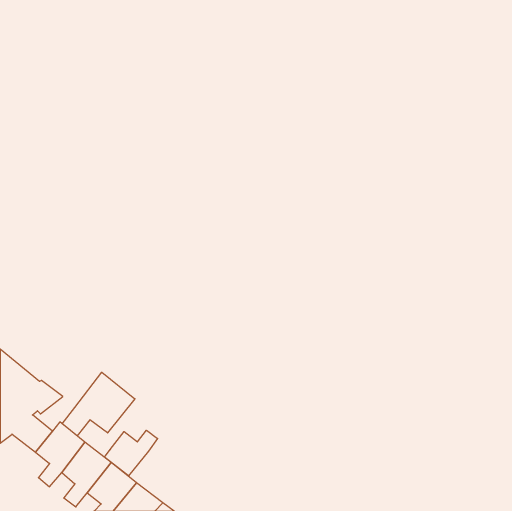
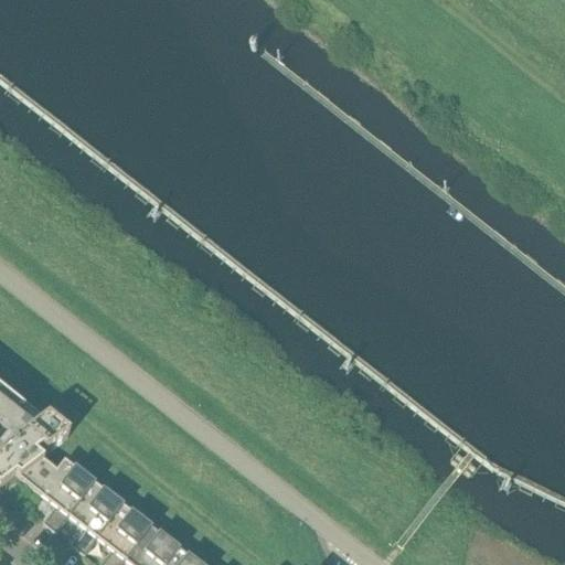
building: [62,372,135,436] -> none
building: [104,430,158,476] -> none

